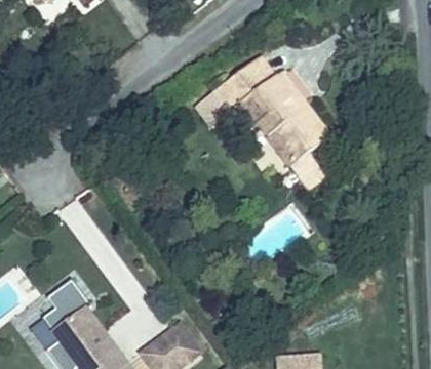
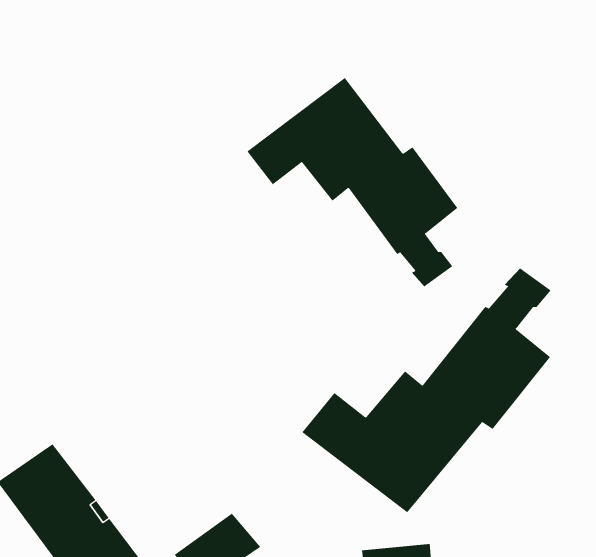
building: none -> [301,267,551,513]

